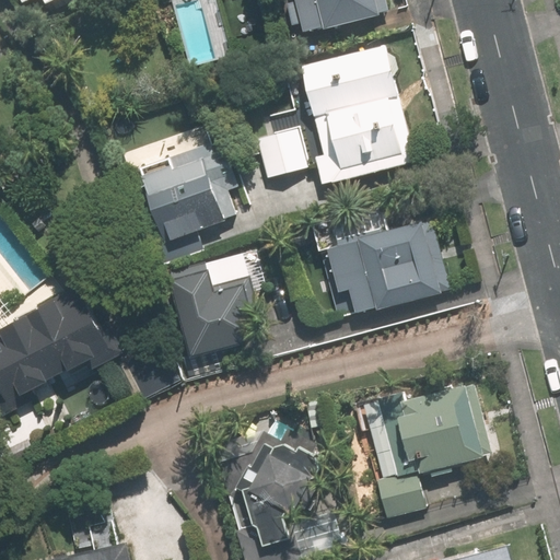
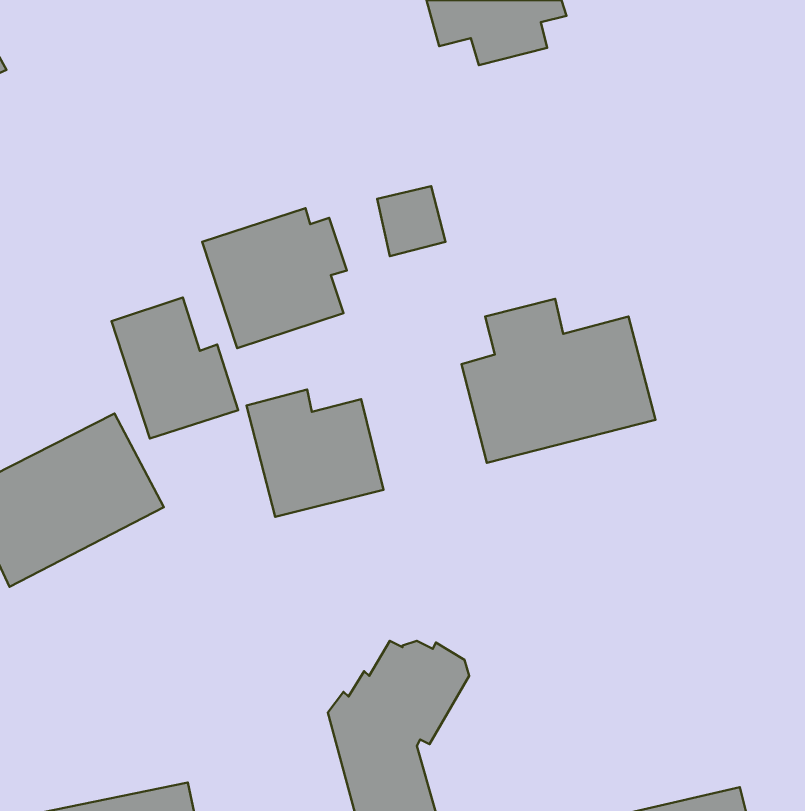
building: [302,45,413,184] -> none
building: none -> [111,297,238,438]
building: [353,381,491,517] -> none

